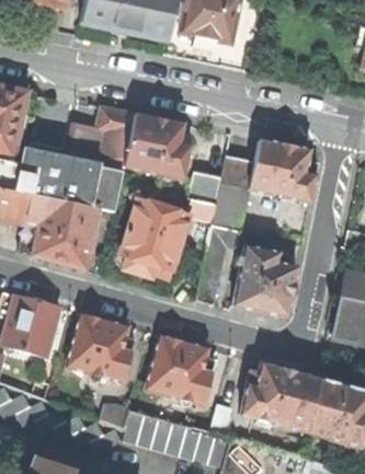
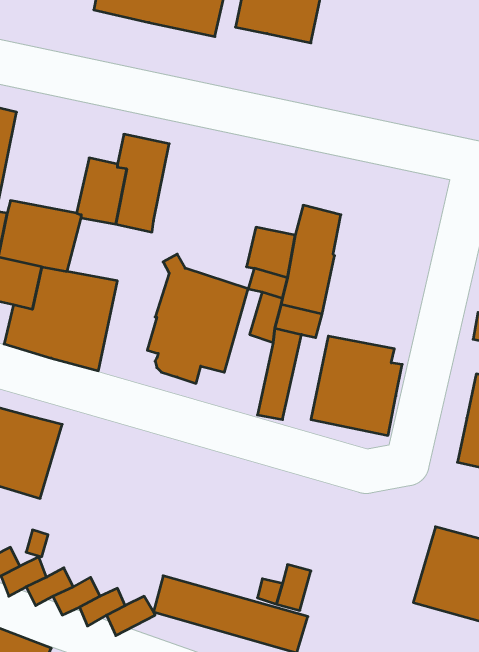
building: [124,113,194,178] -> none
building: [249,139,318,204] -> none
building: [64,164,123,211] -> none
building: [66,314,135,383] -> none
building: [145,335,216,406] -> none
building: [240,363,320,431] -> none

